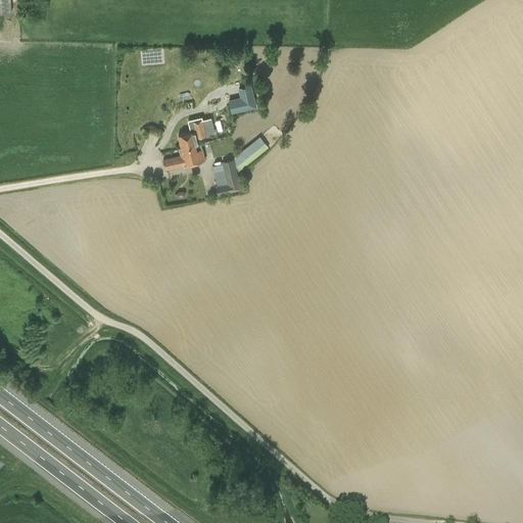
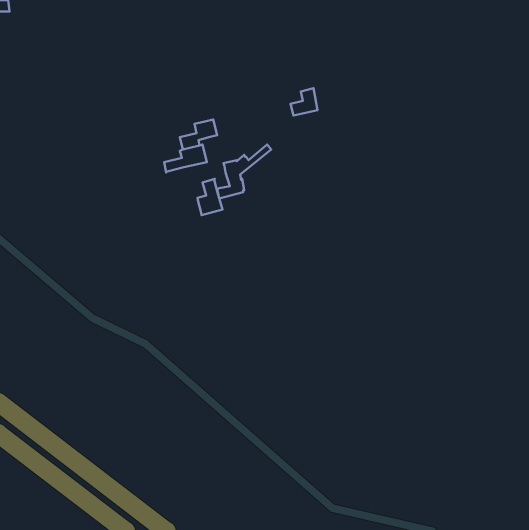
building: [227,86,253,112] -> [291,88,318,115]
building: none -> [197,179,223,215]

